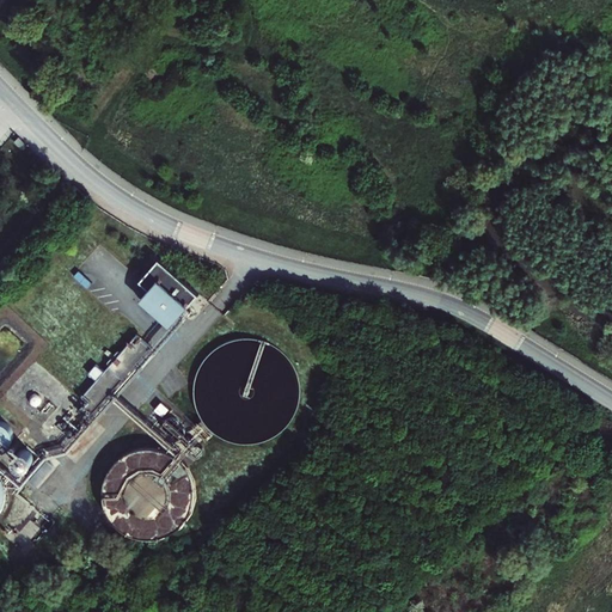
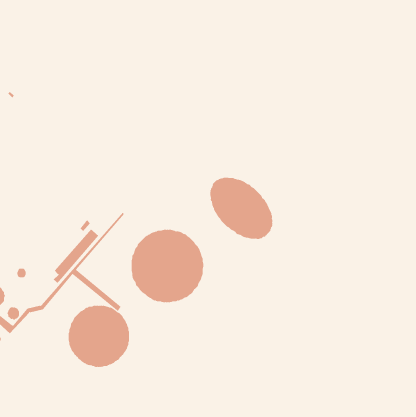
building: [134,261,191,325] -> none
building: none -> [210,177,273,240]

